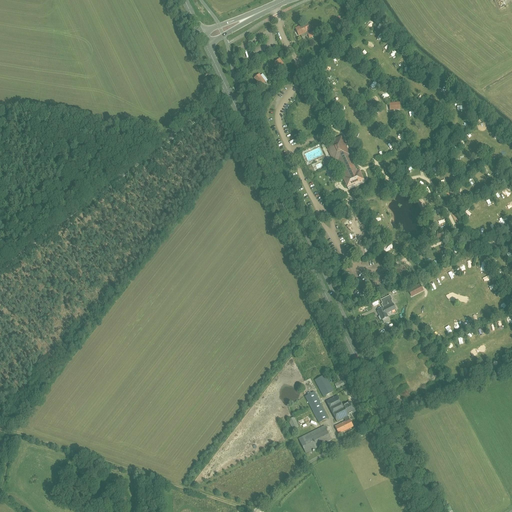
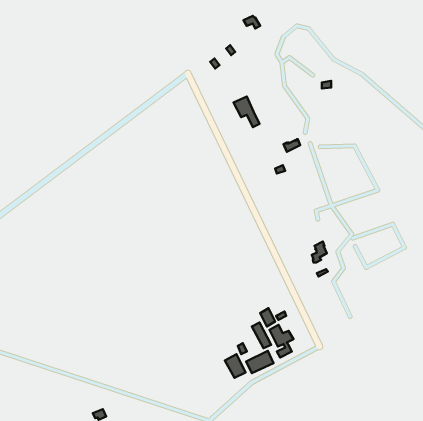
building: [325,136,356,173] -> [234,97,259,127]
building: none -> [225,354,245,378]

